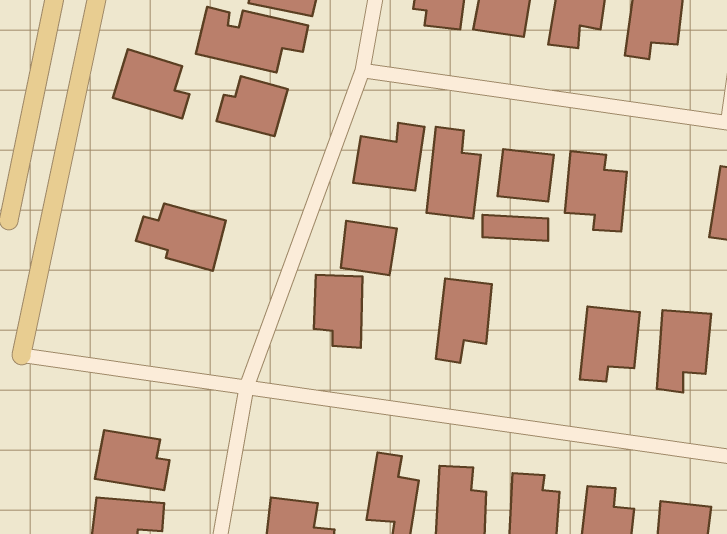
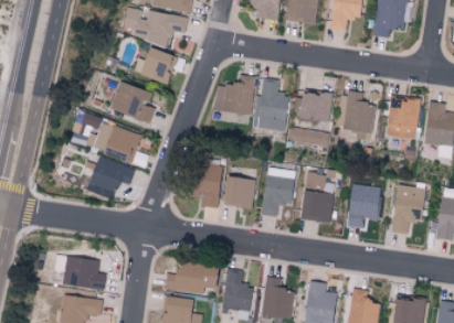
building: [113,49,190,118] -> [110,82,156,122]
building: none -> [386,97,421,139]
building: [341,221,397,275] -> [222,175,255,207]
building: none -> [88,155,136,198]
building: none -> [302,172,336,223]
building: none -> [165,261,217,294]

